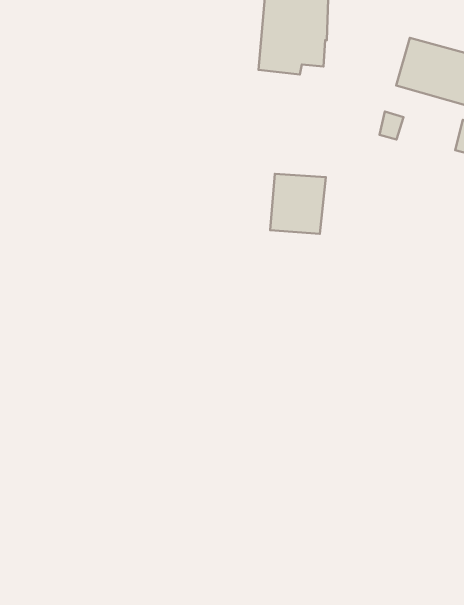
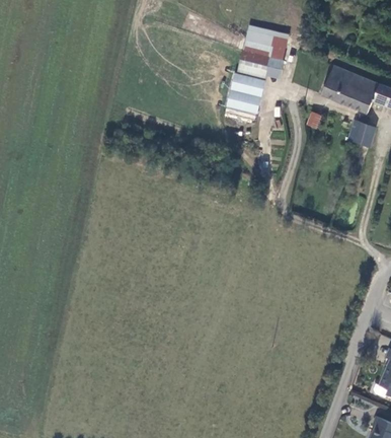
building: [270,174,326,234] -> [227,74,265,115]

